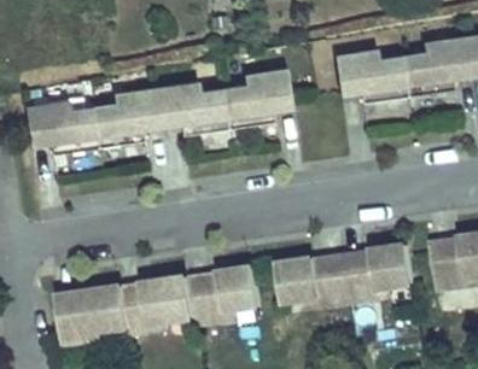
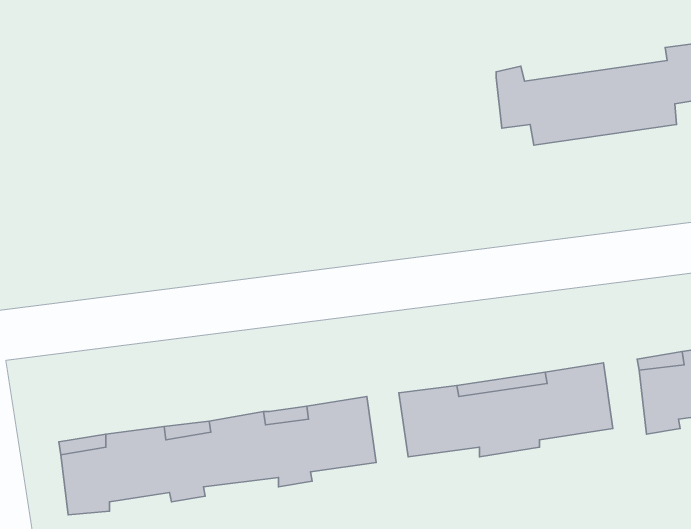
building: [25,70,290,154] -> none

